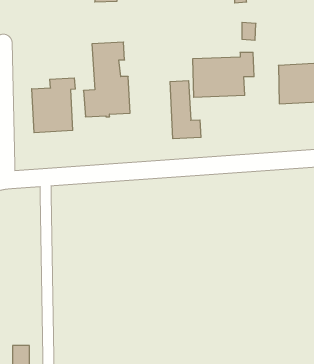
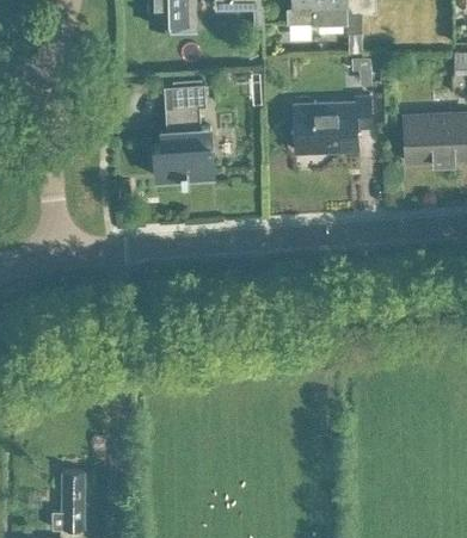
building: [32,78,75,133] -> none
building: [170,81,201,139] -> none

